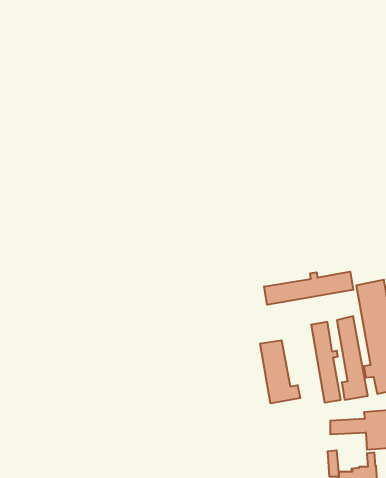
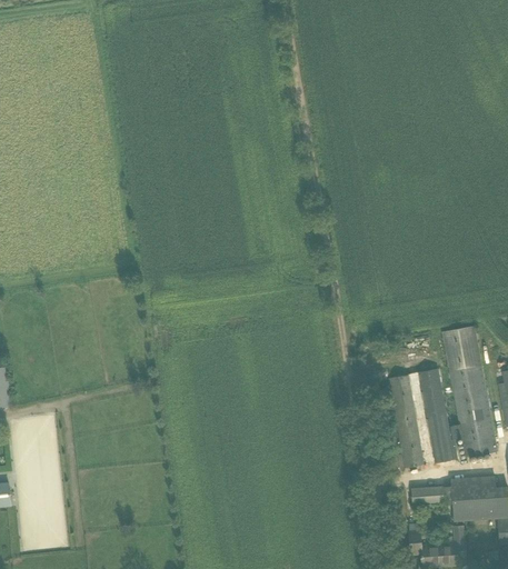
building: [264,272,353,305] -> none
building: [260,340,300,403] -> none

